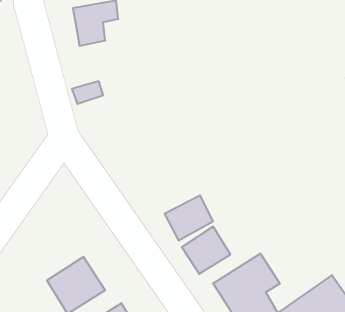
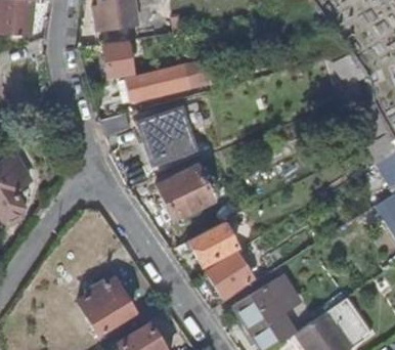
building: none -> [124,65,190,100]
building: none -> [138,108,195,165]
building: none -> [157,167,212,219]

